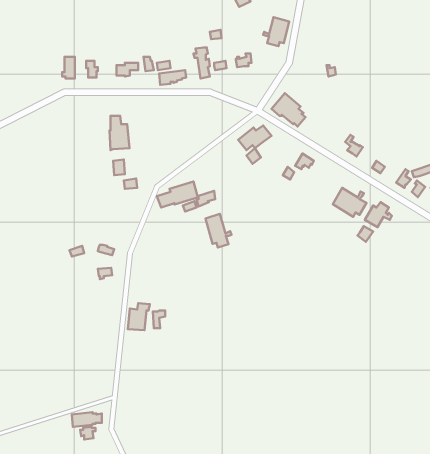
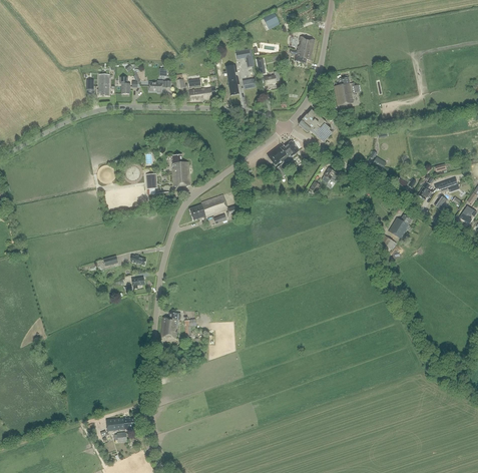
building: none -> [333,77,352,106]
building: [110,116,129,150] -> [171,154,190,187]
building: [333,188,366,217] -> none
building: [205,214,231,248] -> none

